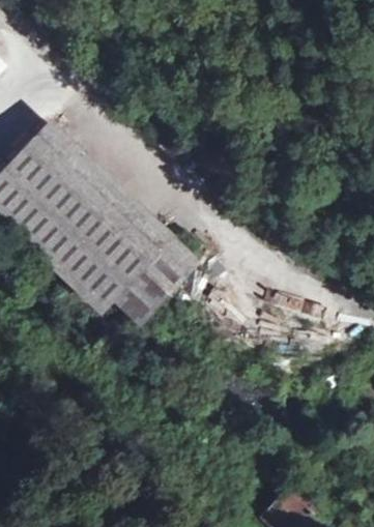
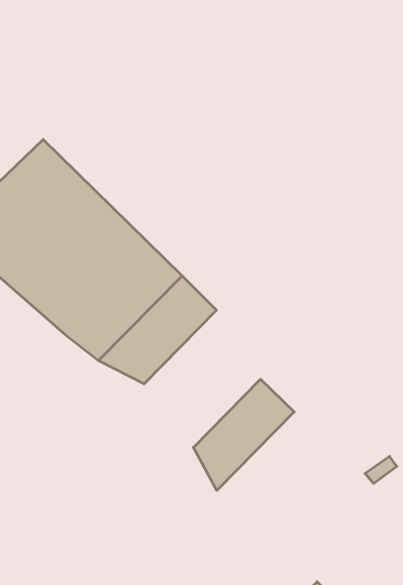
building: none -> [193,379,294,490]

